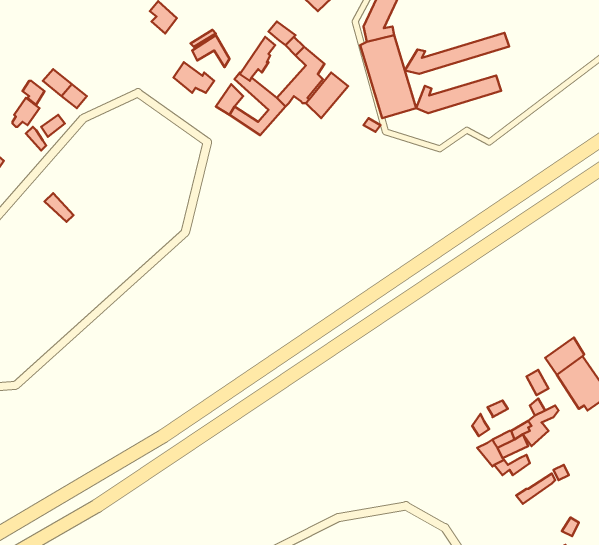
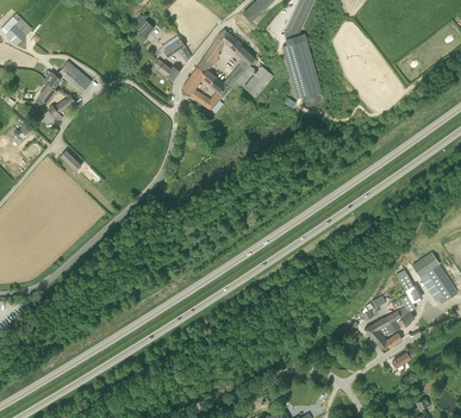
building: [405,33,509,74] -> none
building: [416,75,501,113] -> none

